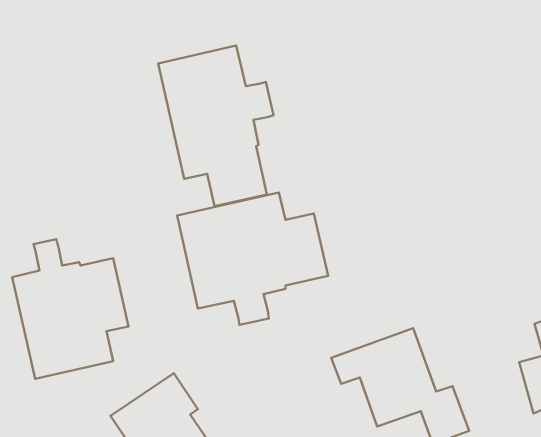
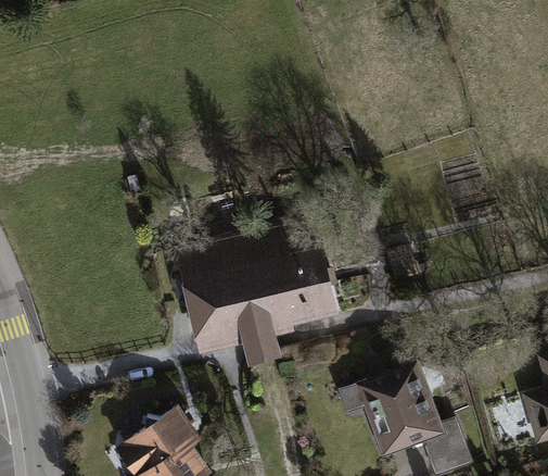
building: [158,46,274,206] -> none
building: [12,239,128,379] -> none

